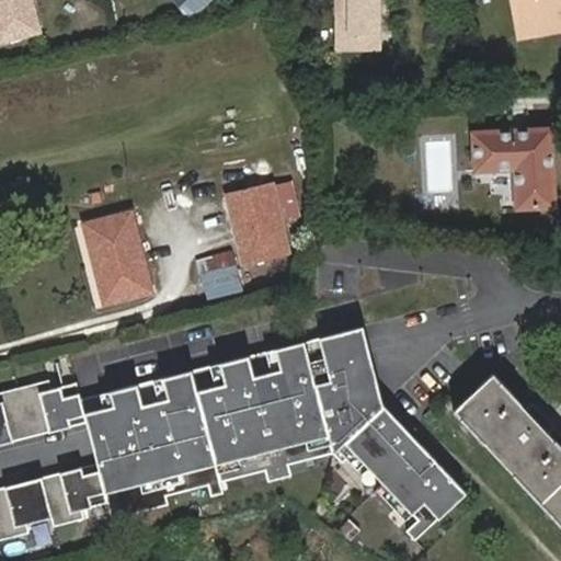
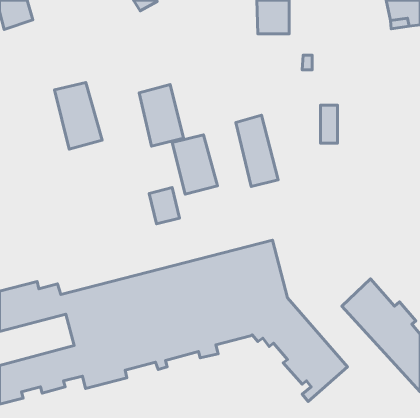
building: none -> [139,85,184,146]
building: [468,131,547,208] -> none
building: none -> [236,115,278,186]
building: [89,214,152,302] -> [54,83,102,149]

